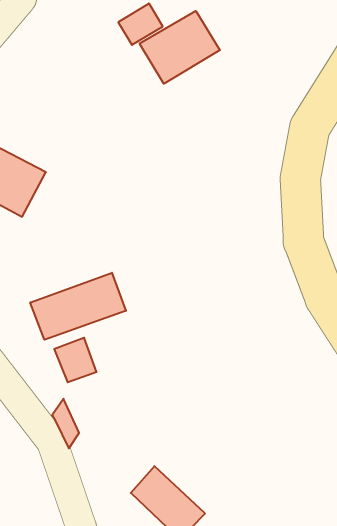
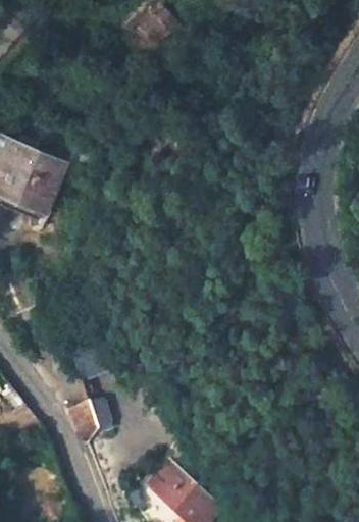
building: [140,11,220,84] -> none
building: [30,273,126,340] -> none

